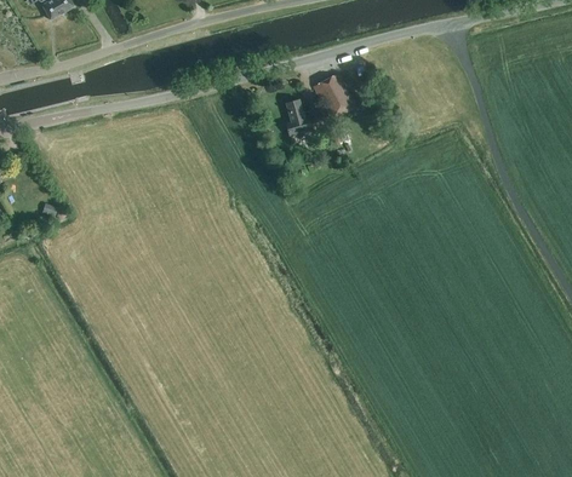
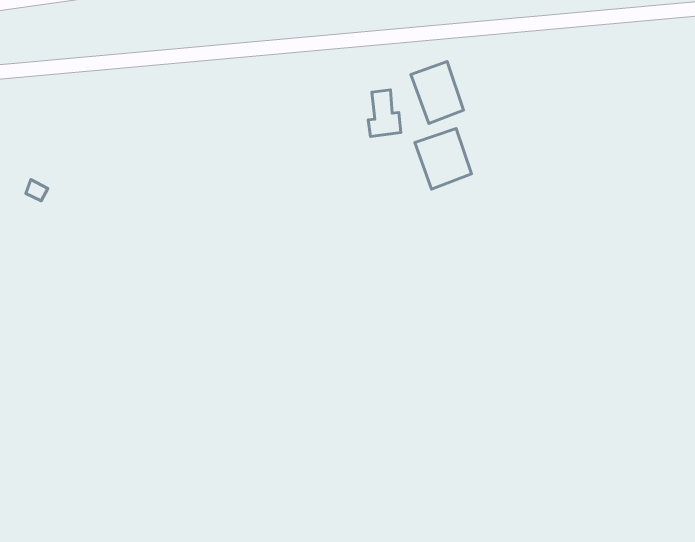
building: none -> [415,128,472,189]

